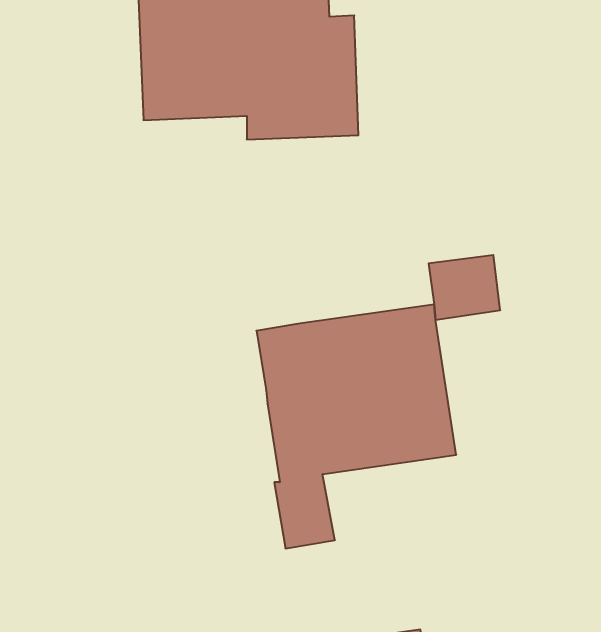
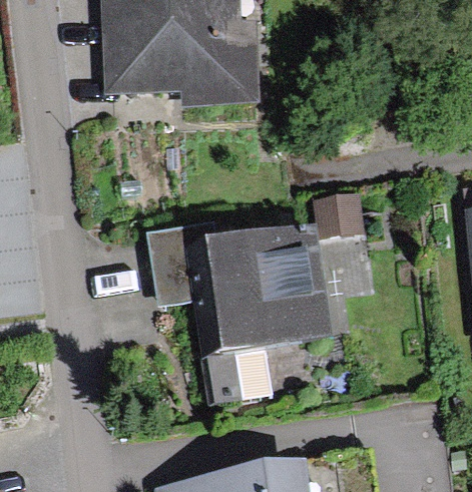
building: none -> [148,221,217,305]

